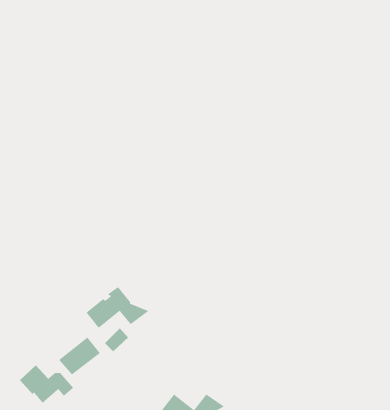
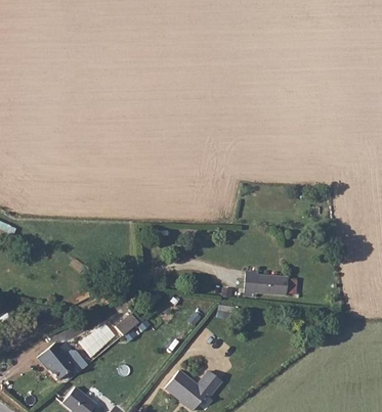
building: none -> [254,274,288,297]
building: [86,286,149,329] -> none

